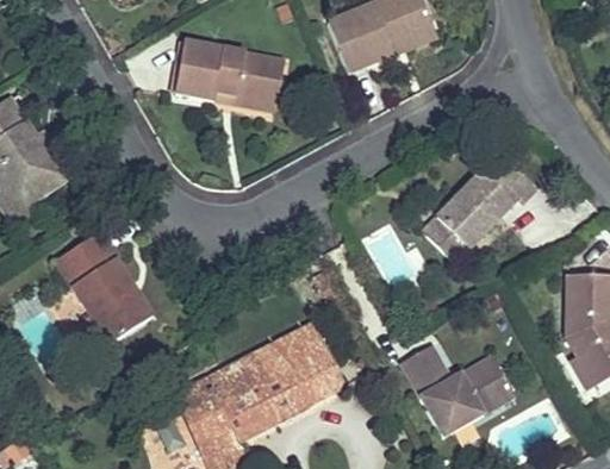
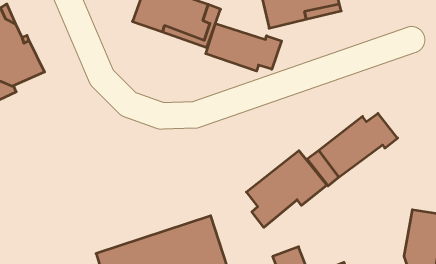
building: none -> [206,24,282,71]
building: none -> [246,151,327,227]
building: [52,227,150,342] -> none

